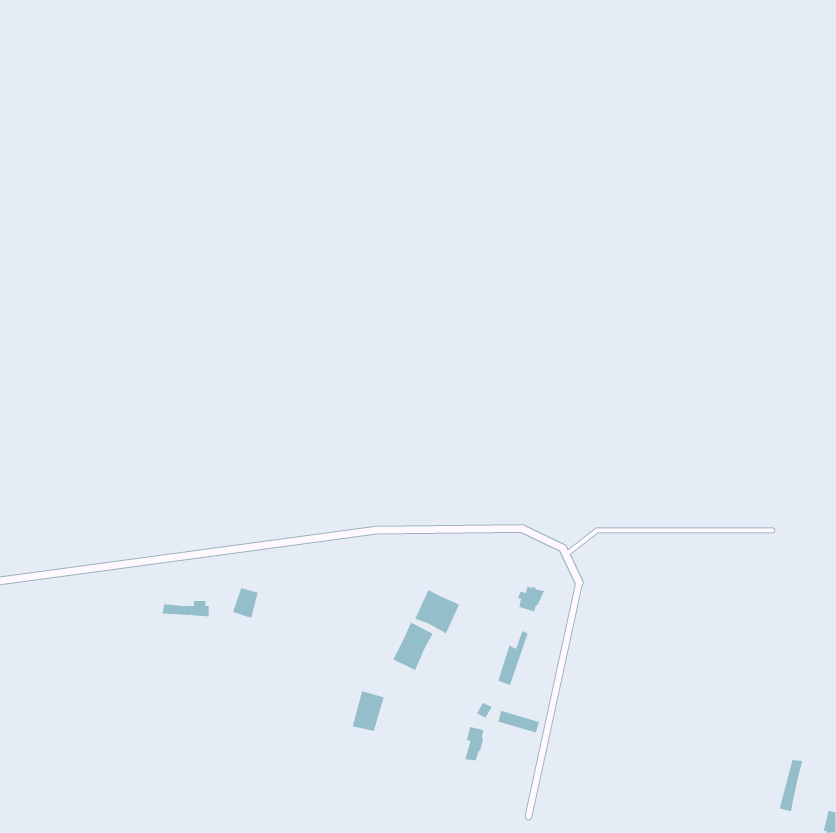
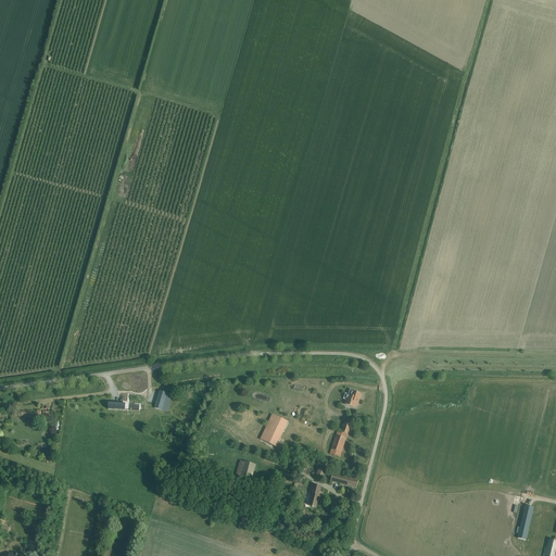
building: [414,589,460,634] -> none

